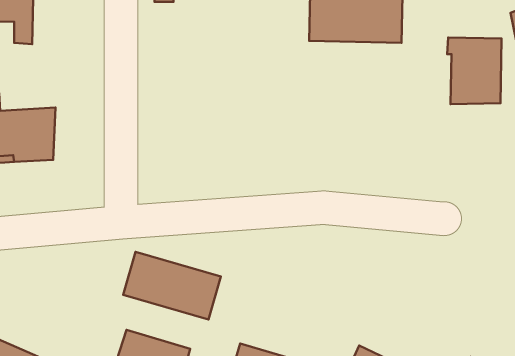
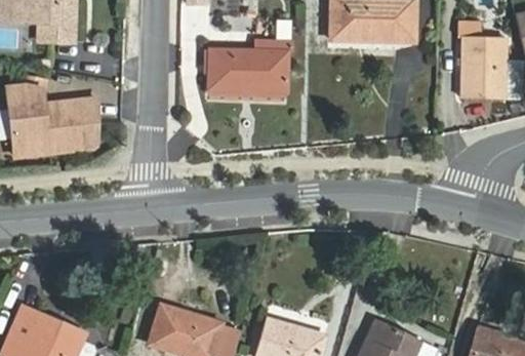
building: none -> [207,39,288,91]
building: [123,252,221,320] -> none

